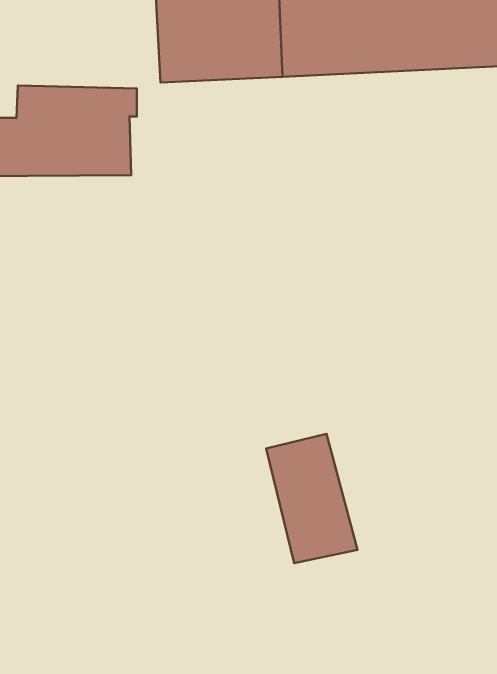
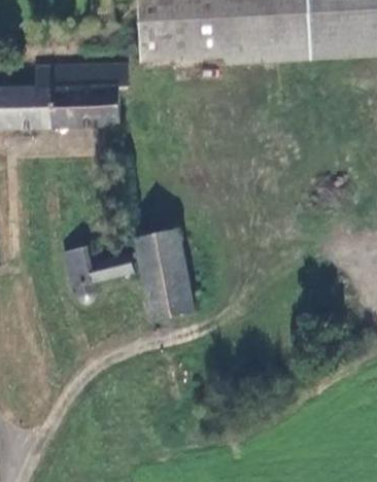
building: none -> [64,248,134,300]
building: [266,434,357,563] -> [138,229,202,319]

